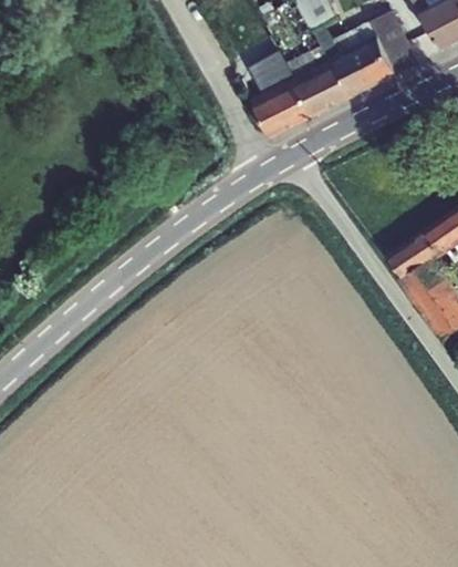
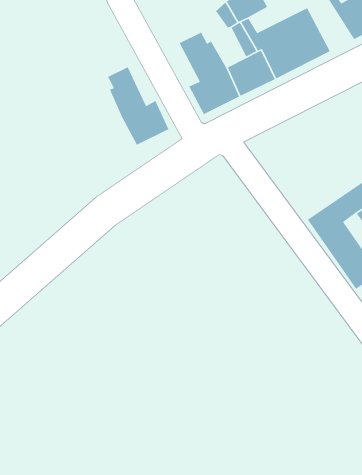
building: none -> [107,66,170,146]

